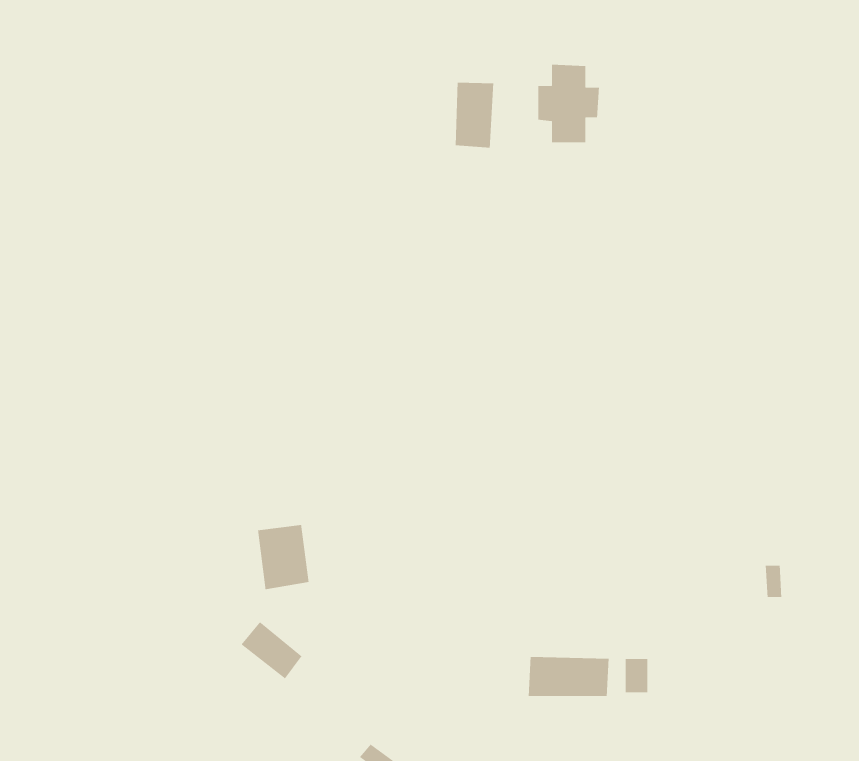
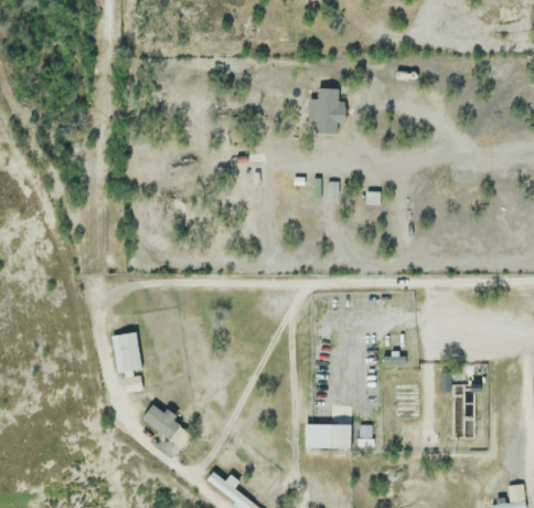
building: [455,82,494,148] -> none
building: [257,524,310,590] -> [114,337,143,374]

